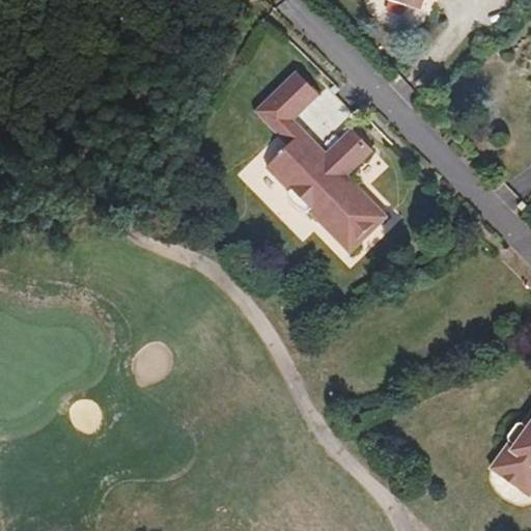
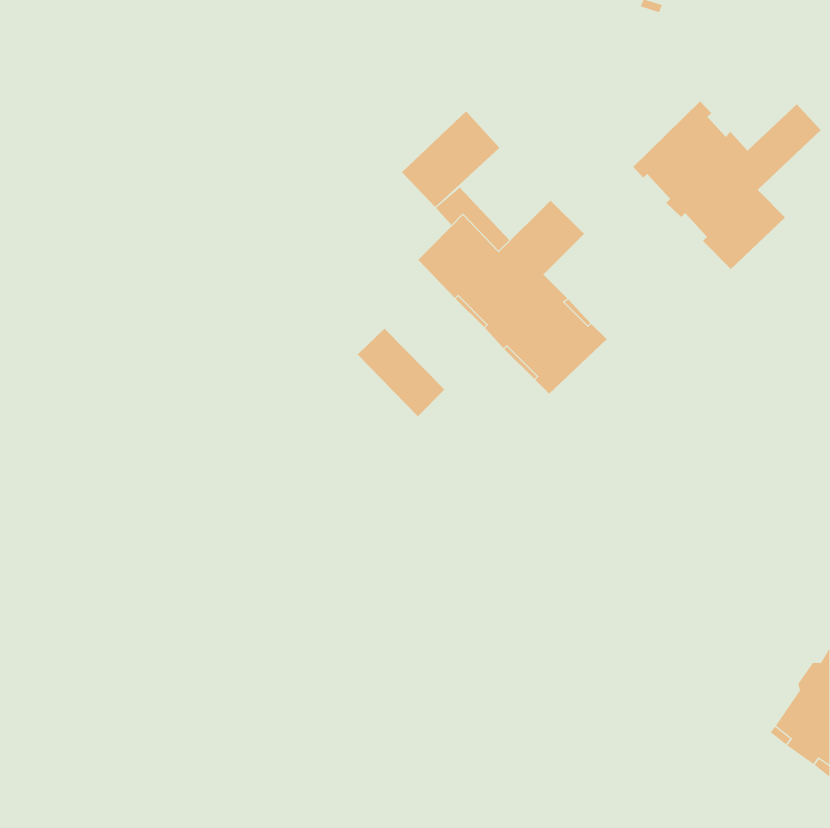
building: none -> [633,100,821,270]
building: none -> [357,328,445,417]

